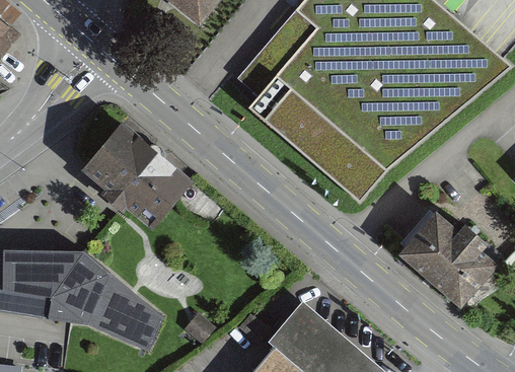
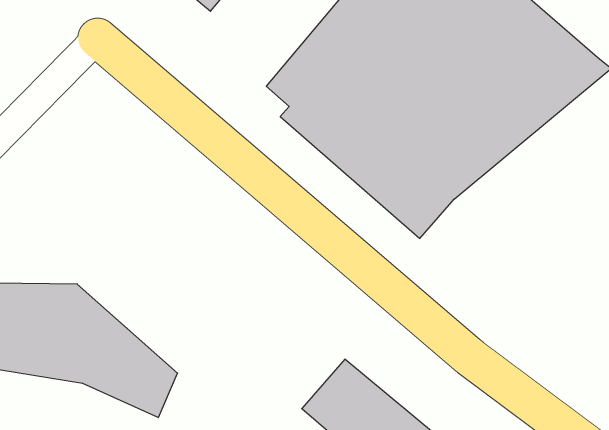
building: [83,122,191,225] -> none
building: [392,210,496,309] -> none

